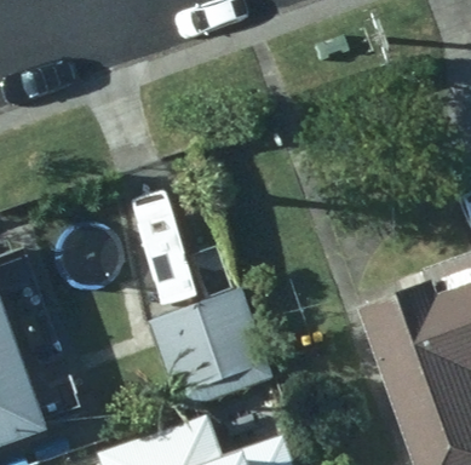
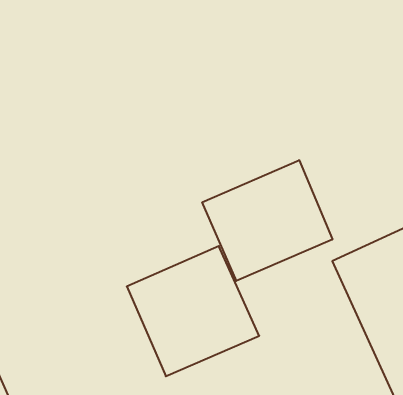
building: none -> [202,160,332,281]

